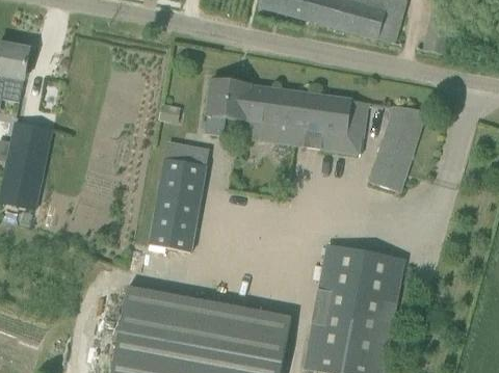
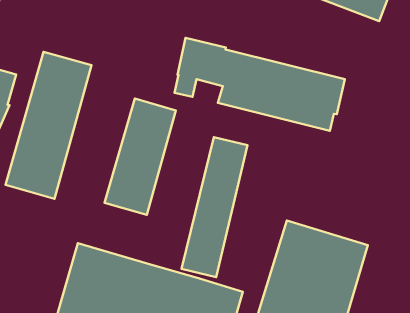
building: [369,105,425,190] -> none
building: none -> [5,52,92,199]
building: none -> [181,137,248,277]

